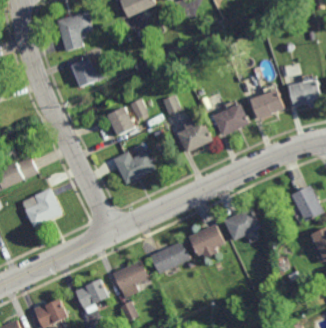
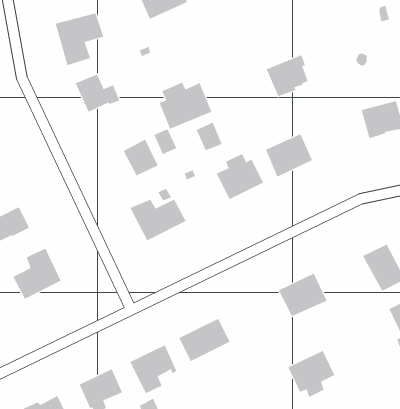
building: none -> [159,82,212,129]
building: [251,87,283,119] -> [266,54,308,97]
building: [189,224,225,260] -> [287,350,335,398]

